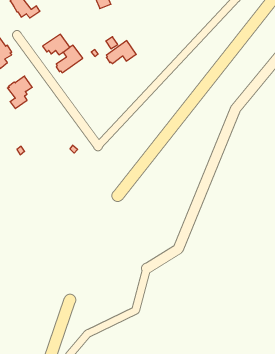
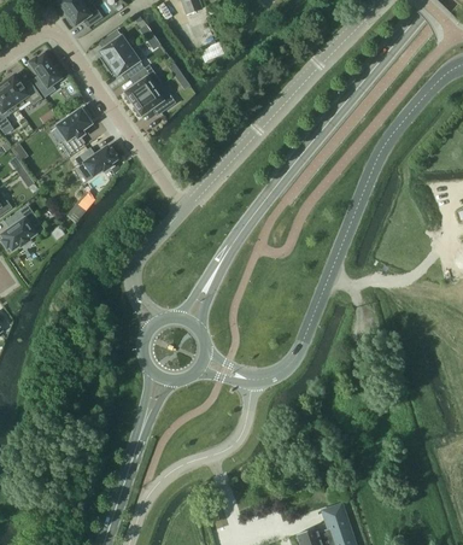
building: none -> [99,29,130,66]
building: [106,41,136,64] -> [133,83,175,116]
building: none -> [74,146,116,176]

